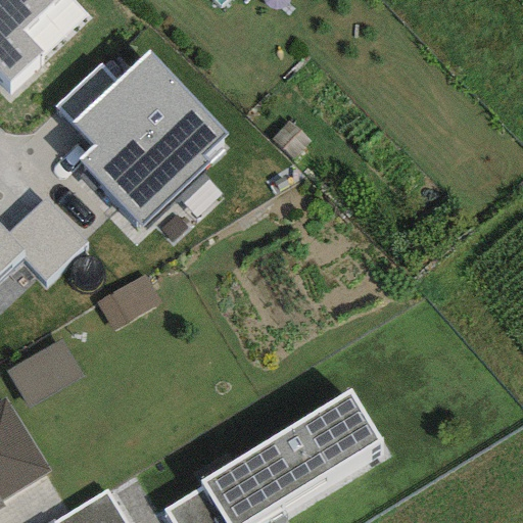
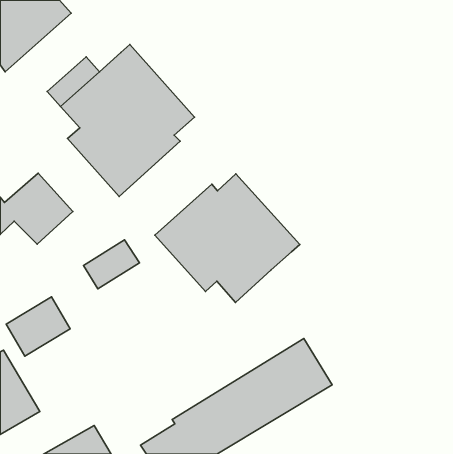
building: none -> [155,174,300,302]

